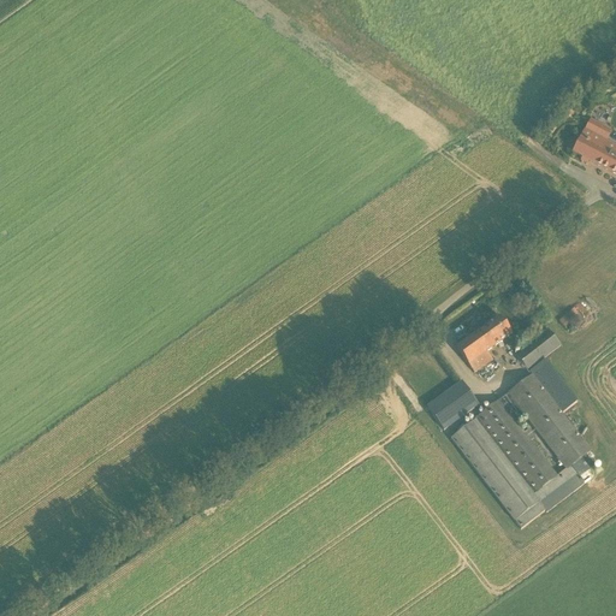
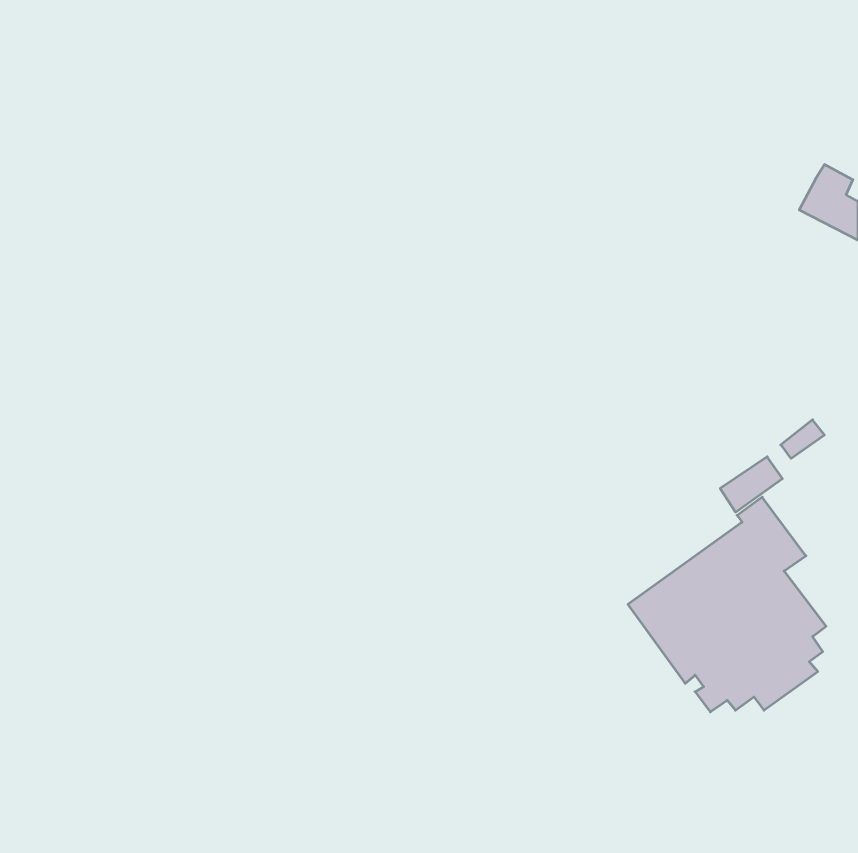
building: [456,314,511,377] -> none
building: [427,379,479,428] -> none

